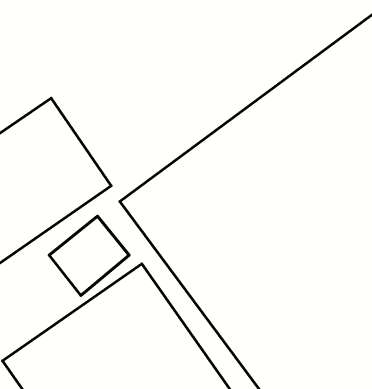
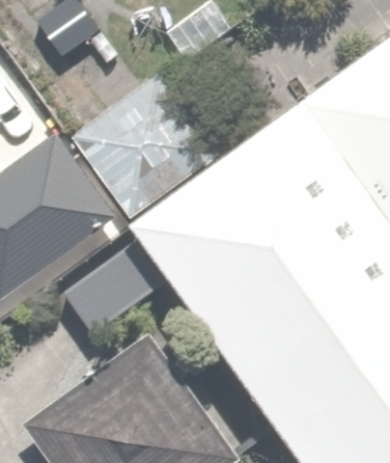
building: none -> [72,70,221,215]

